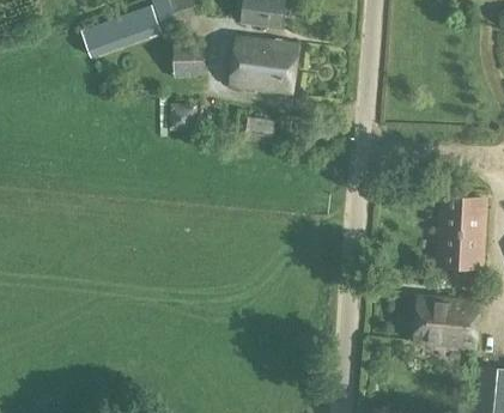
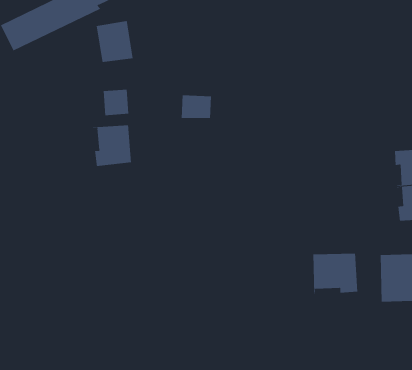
building: [230,37,298,93] -> none
building: none -> [92,125,131,167]
building: none -> [313,253,358,295]

